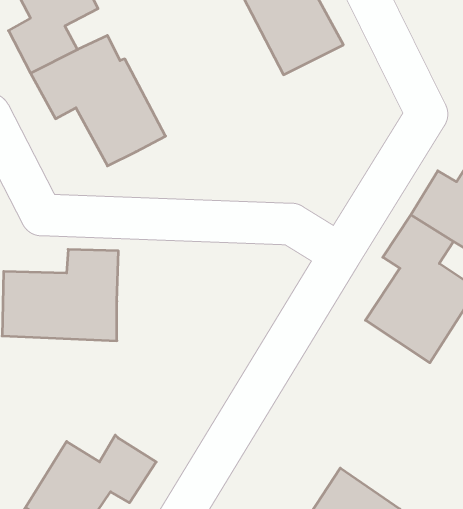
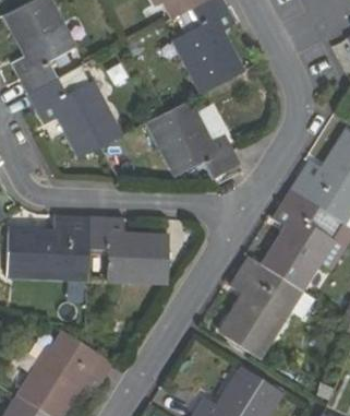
building: none -> [149,100,242,179]
building: none -> [87,215,169,281]
building: none -> [217,257,315,362]

